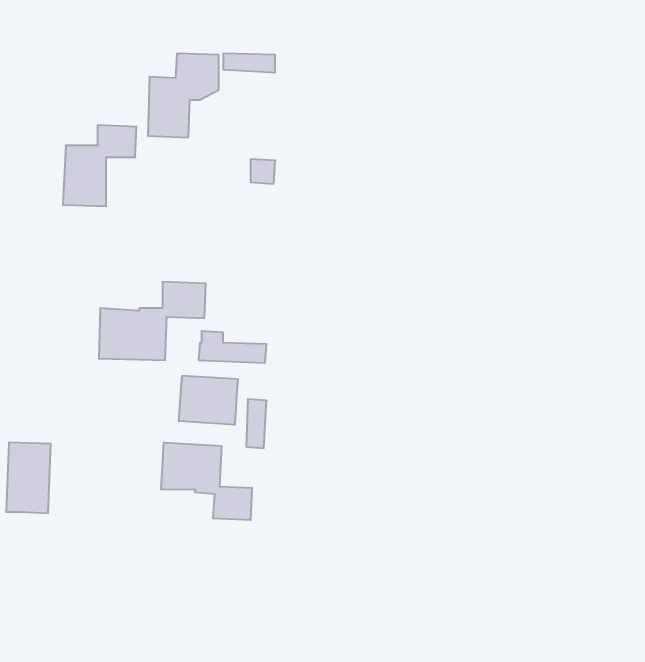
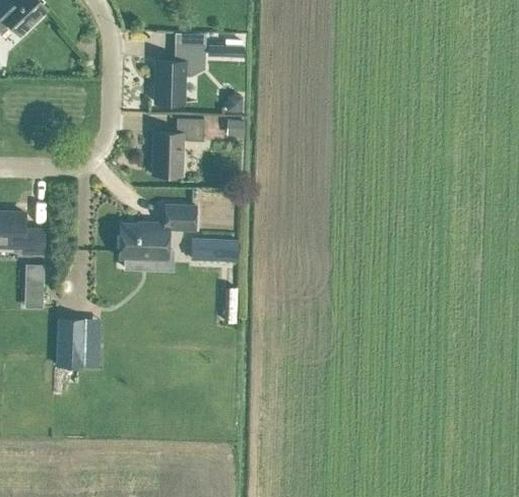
building: [63,125,137,206] -> [152,119,204,176]
building: [179,376,238,425] -> none
building: [161,442,252,520] -> none

